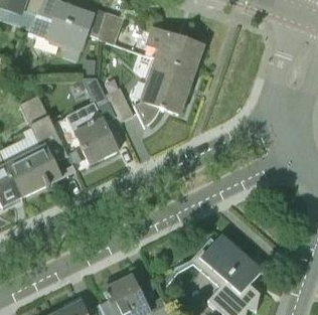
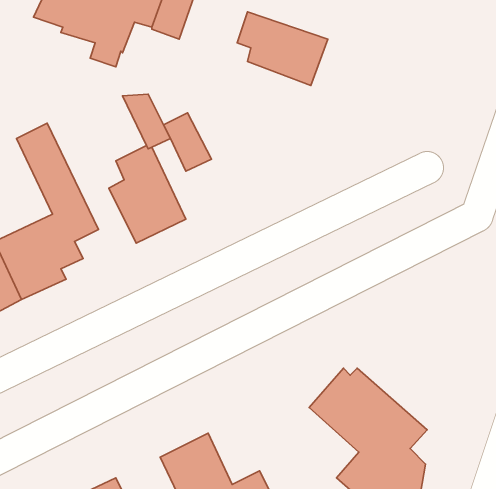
building: [133,57,191,127] -> none

